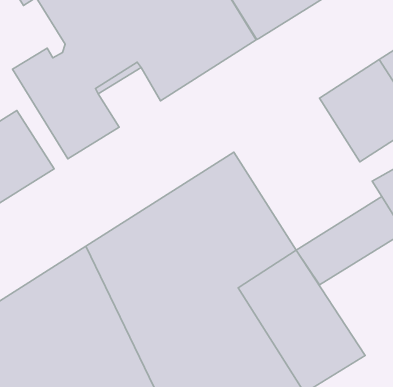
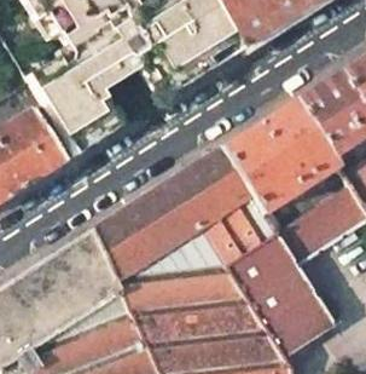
building: none -> [222,99,339,213]

